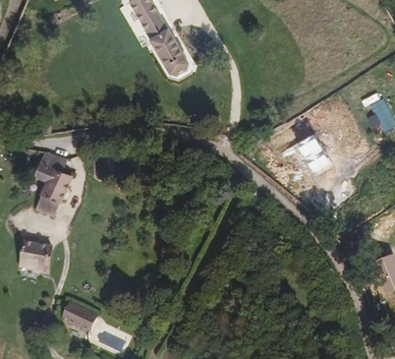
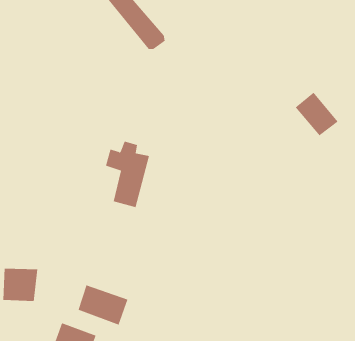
building: [34,159,73,218] -> [105,141,150,208]
building: none -> [78,284,128,326]

